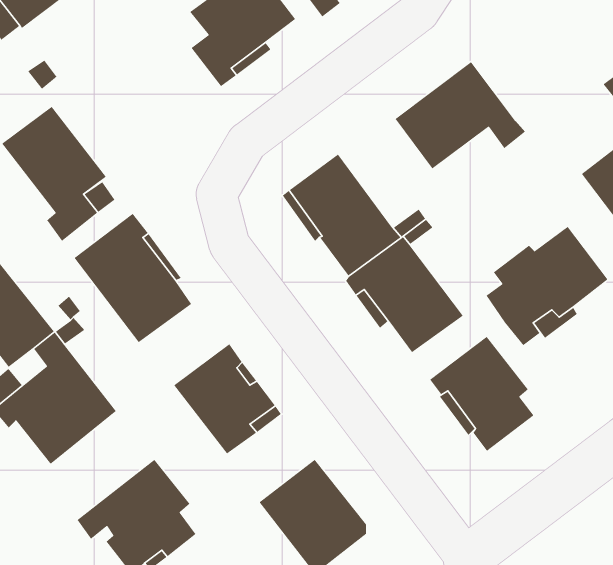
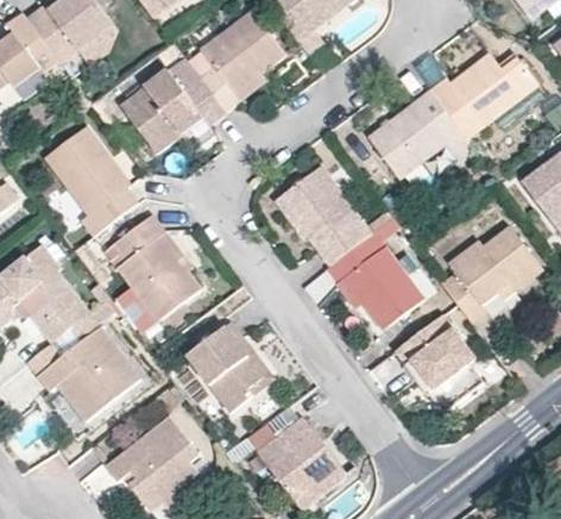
building: none -> [430,52,538,137]
building: none -> [120,56,225,154]

